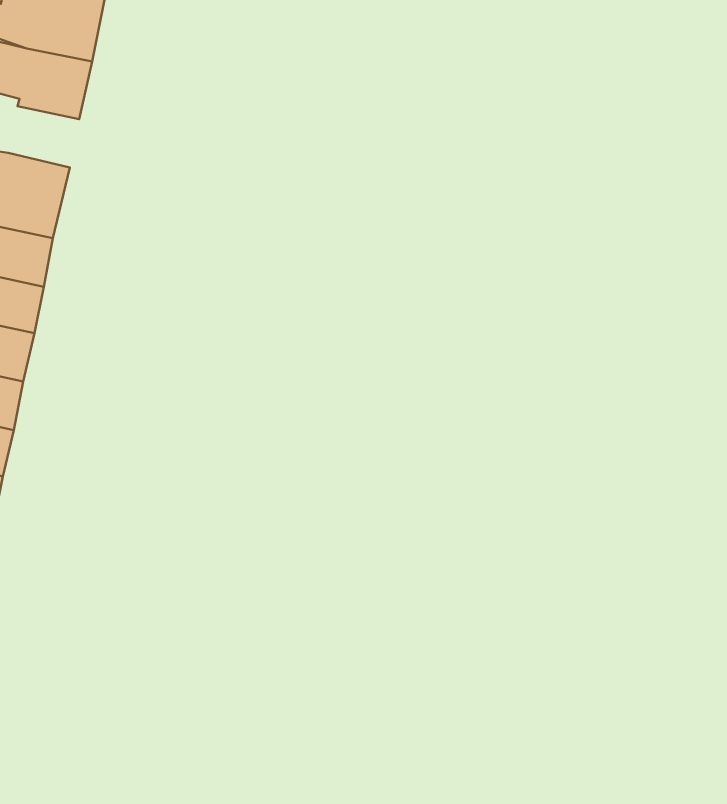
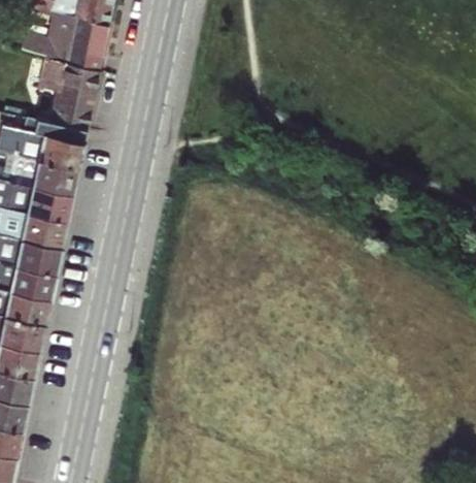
building: none -> [52,95,91,129]

